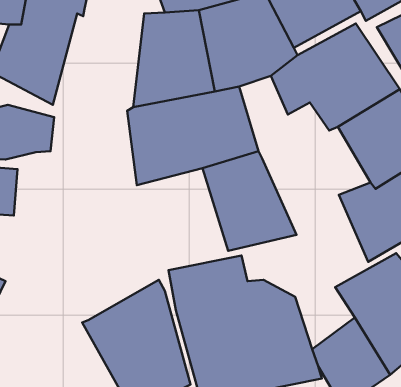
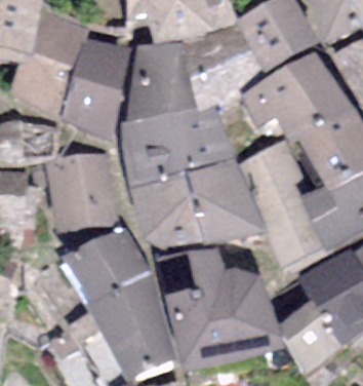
building: none -> [58,38,130,140]
building: none -> [235,140,324,271]
building: none -> [44,151,117,233]
building: none -> [129,172,206,248]
building: none -> [59,226,148,301]

